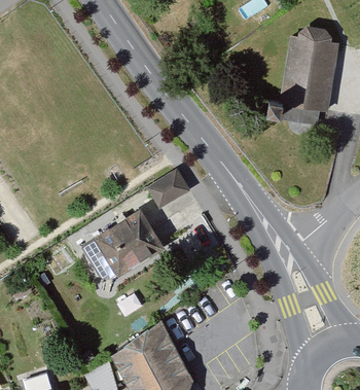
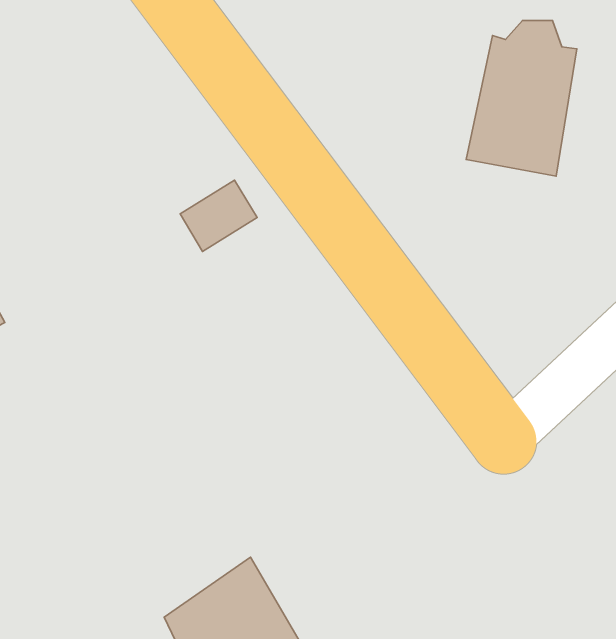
building: [143,174,185,213] -> [180,180,257,251]
building: [91,212,158,276] -> none

